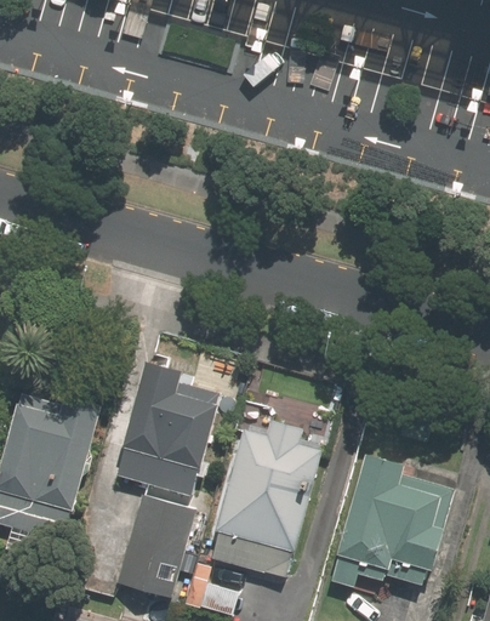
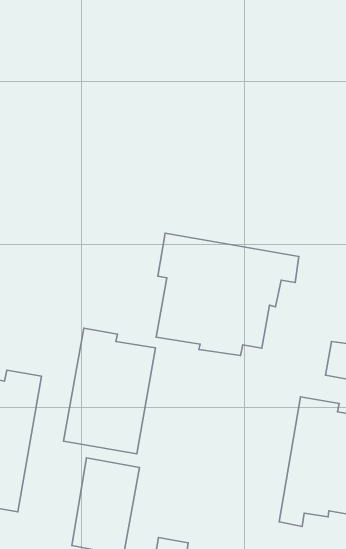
building: none -> [156,233,299,355]
building: [207,420,319,580] -> none

